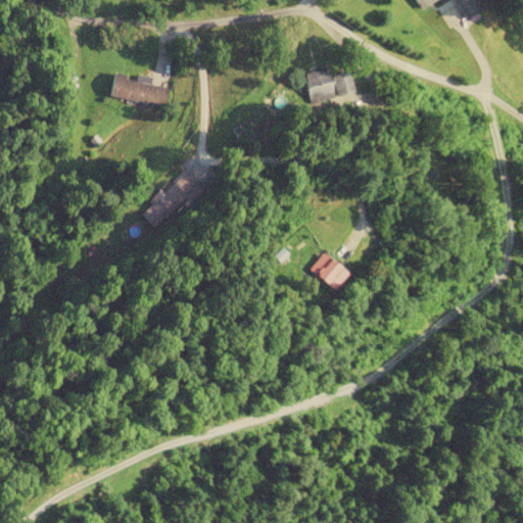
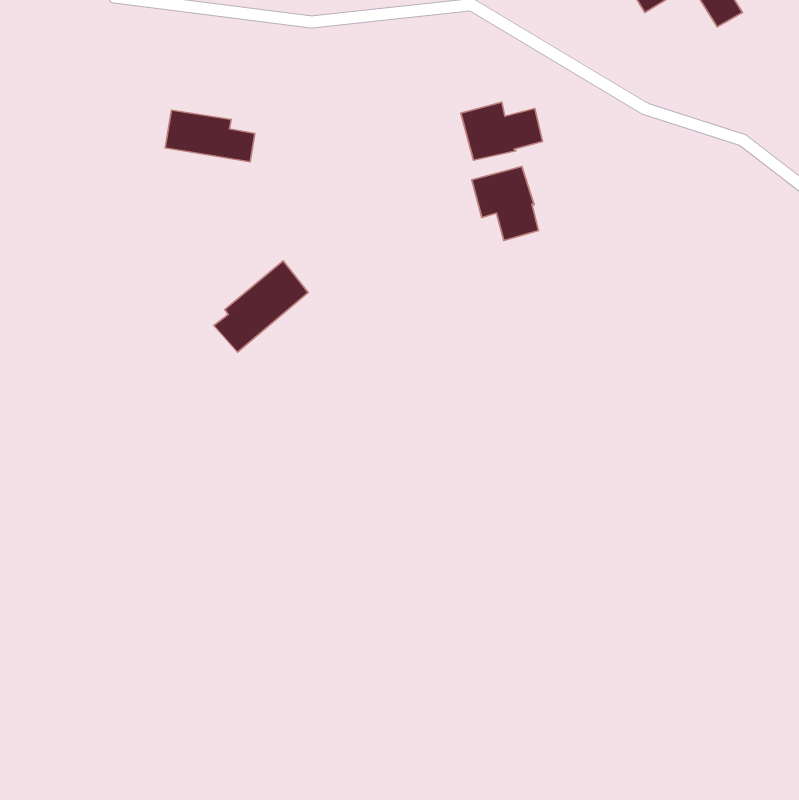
building: none -> [472,166,539,241]
building: [311,250,350,288] -> none

